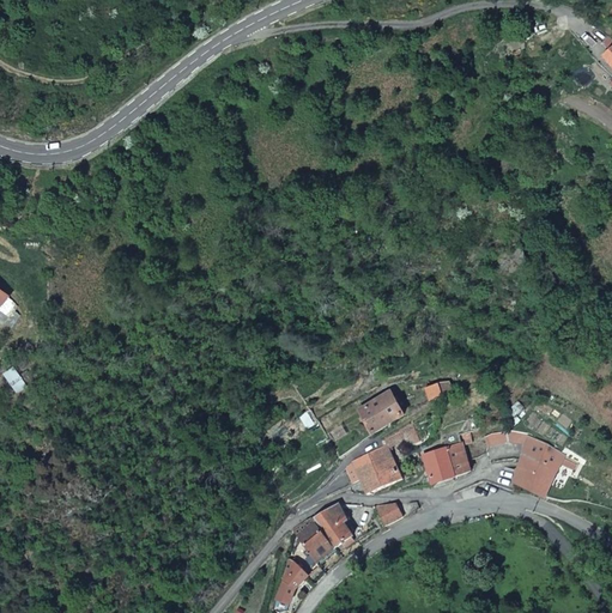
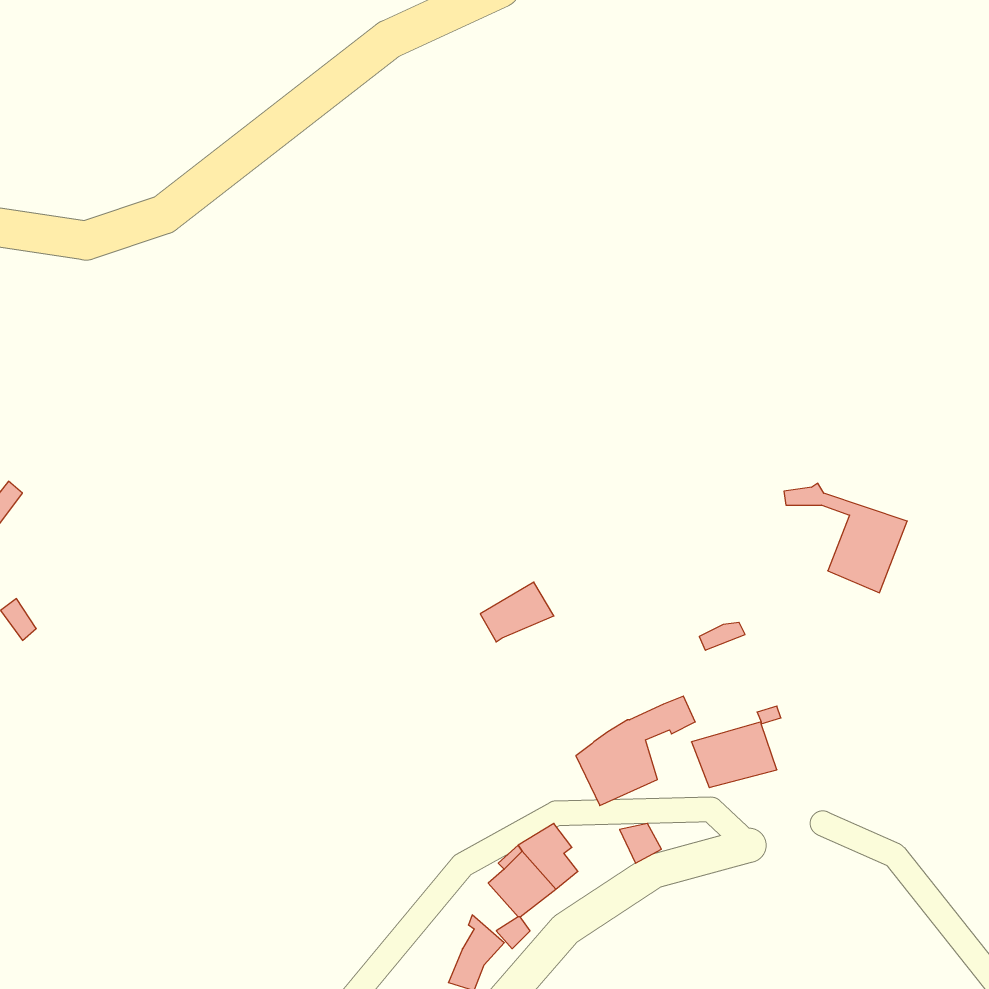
building: [357,390,401,426] -> [480,582,554,642]
building: [489,430,563,496] -> [784,483,907,593]

